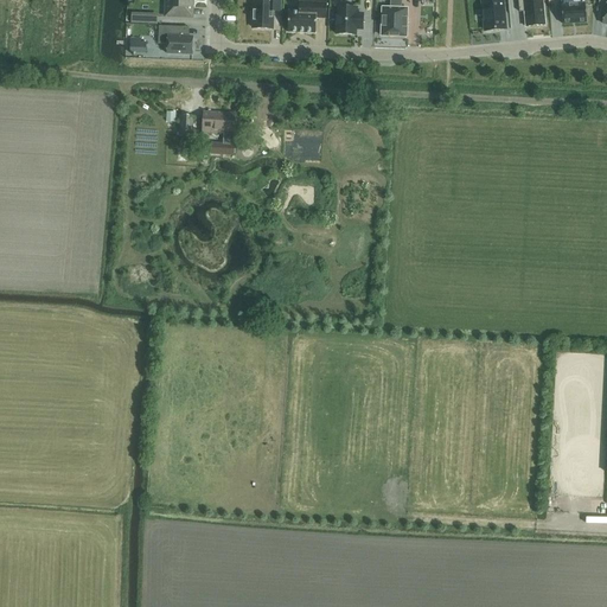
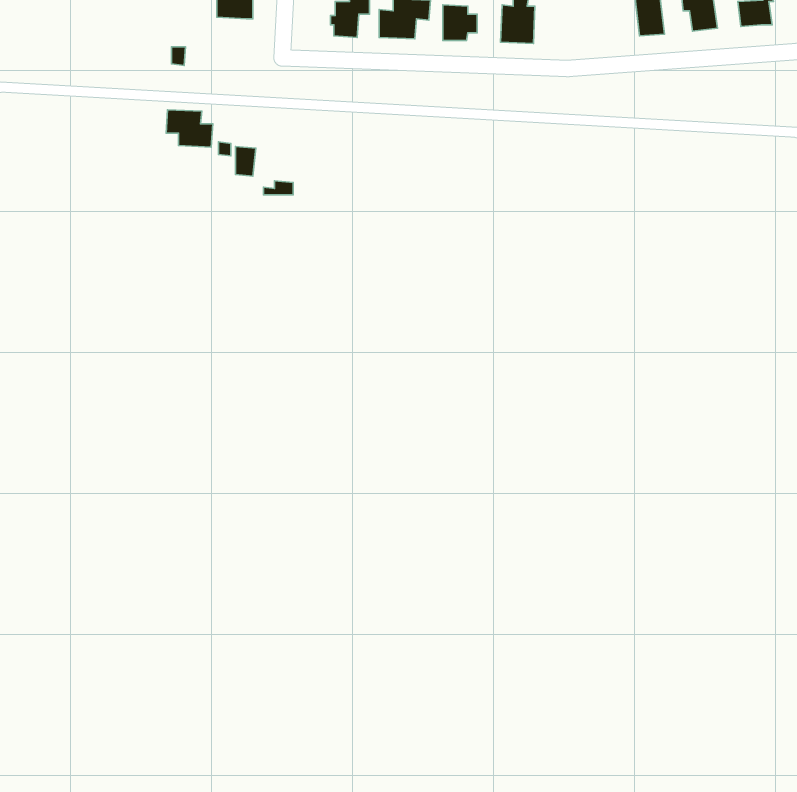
building: [158,23,193,51] -> [166,110,213,147]
building: [202,109,236,130] -> none

